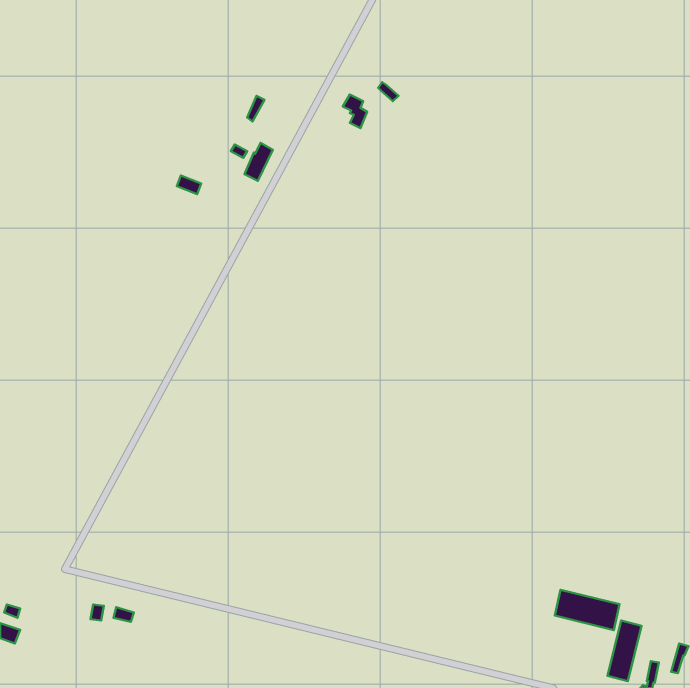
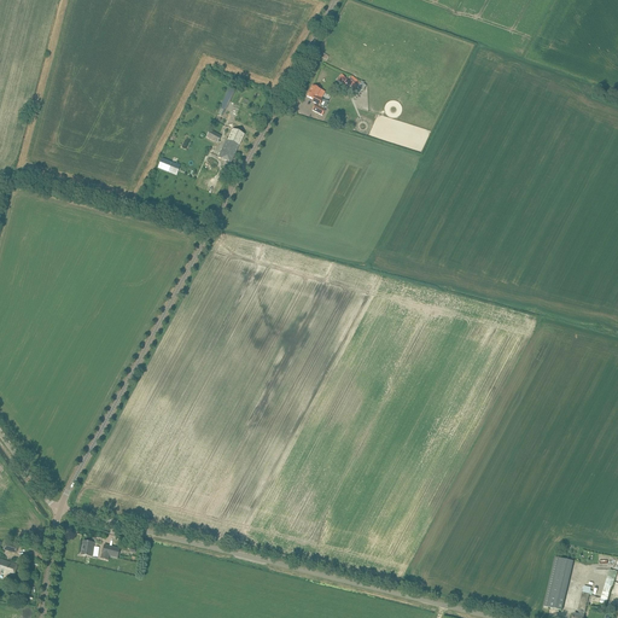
building: [555,590,620,630] -> none

